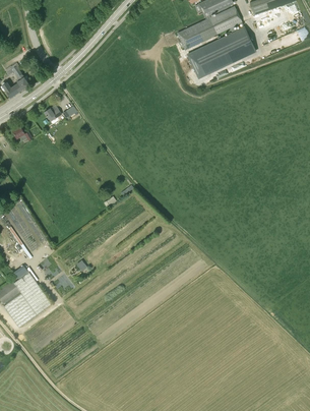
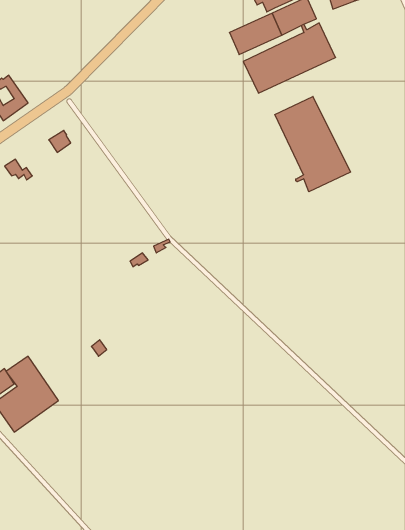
building: none -> [275,96,350,192]

